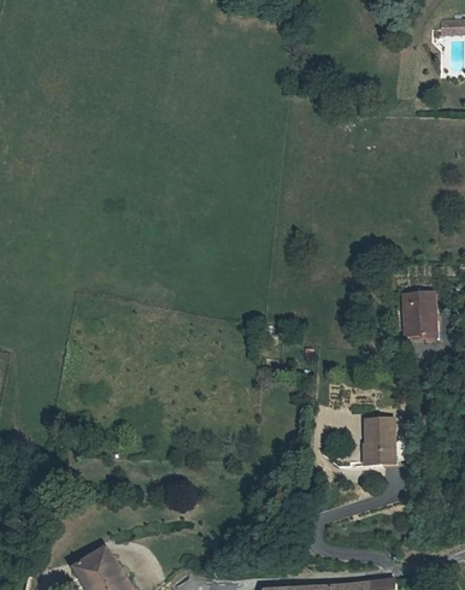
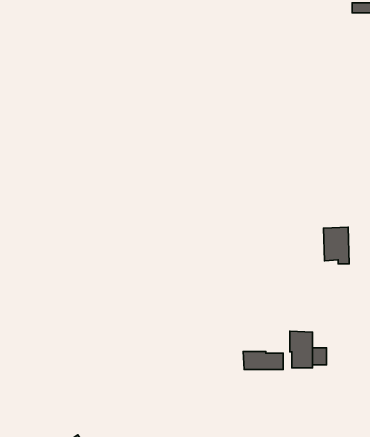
building: none -> [243,351,283,369]

